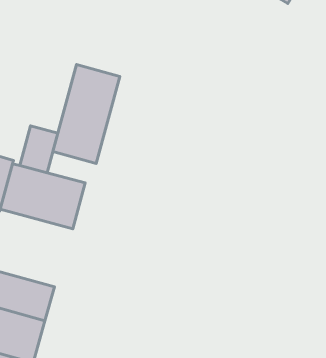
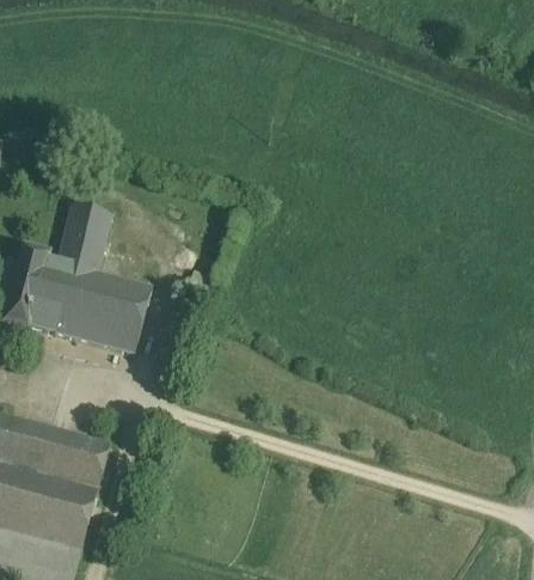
building: [53,65,120,163] -> none

